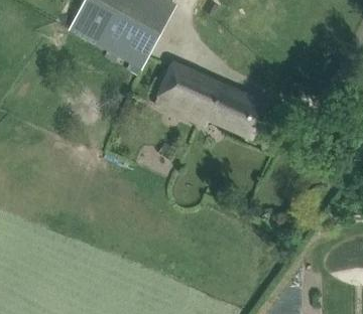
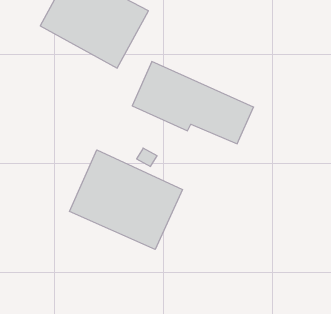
building: none -> [69,150,182,249]

